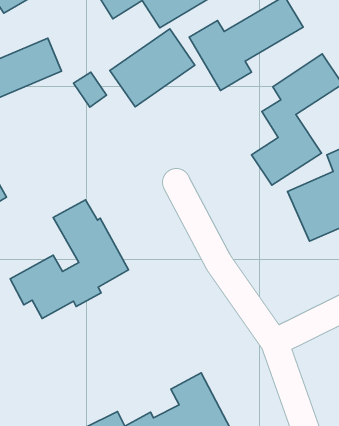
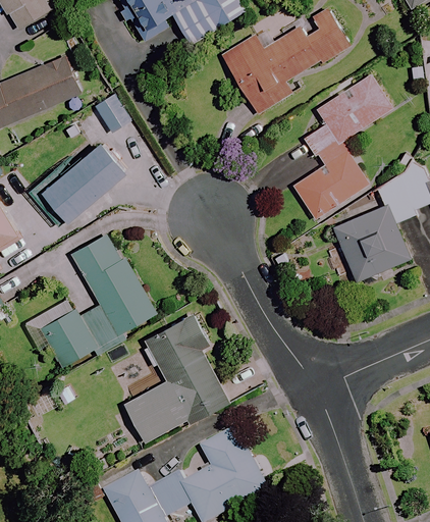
building: [110,29,195,107] -> none
building: none -> [44,142,126,220]
building: none -> [126,313,231,441]

